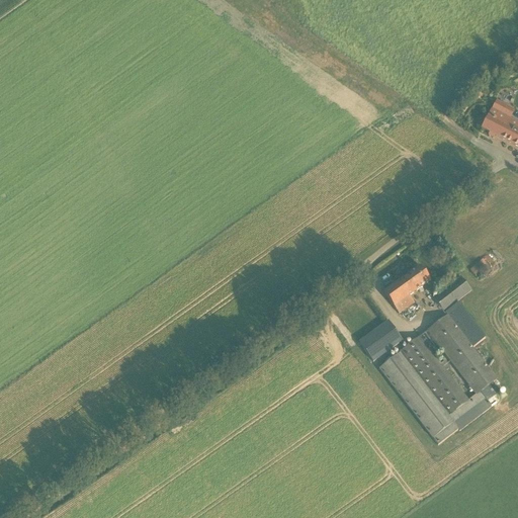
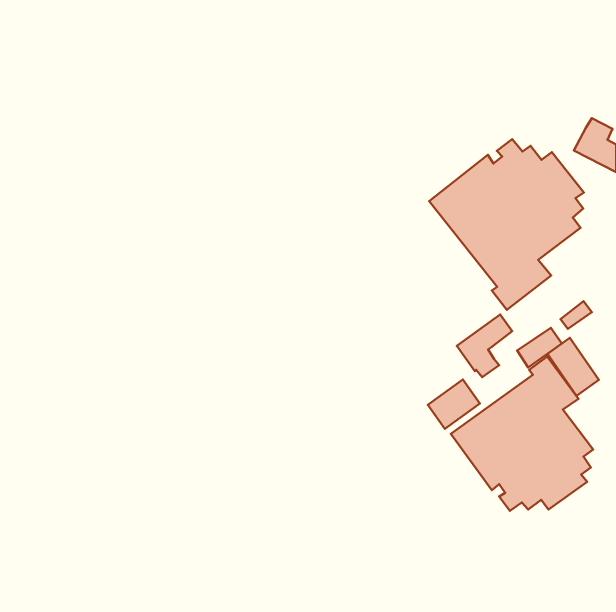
building: none -> [429,139,584,310]
building: none -> [547,338,599,396]

